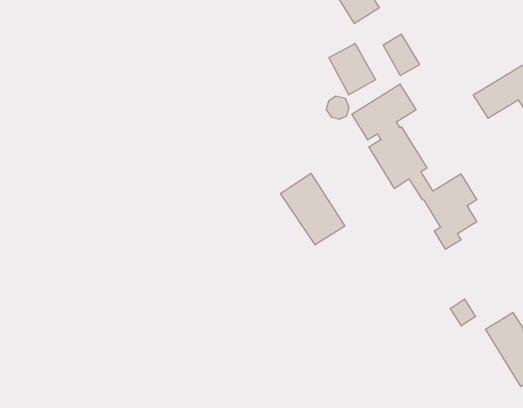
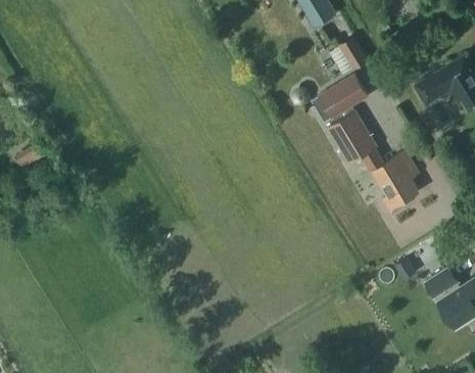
building: [329,43,376,95] -> none
building: [281,173,345,245] -> none

